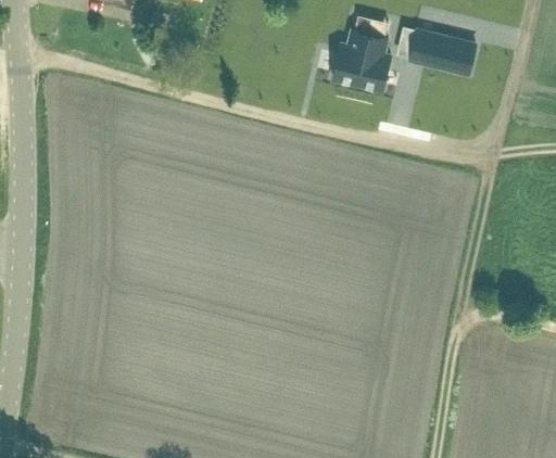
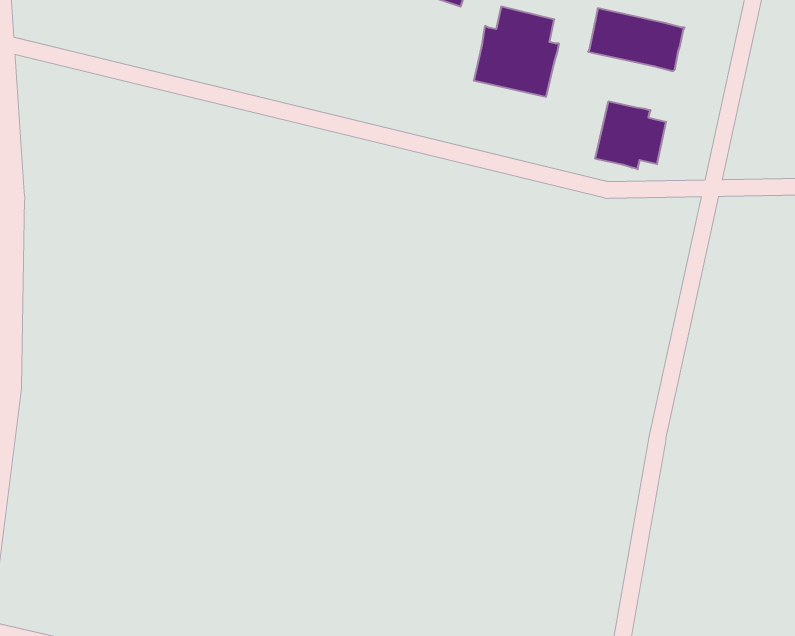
building: none -> [595,101,666,169]

